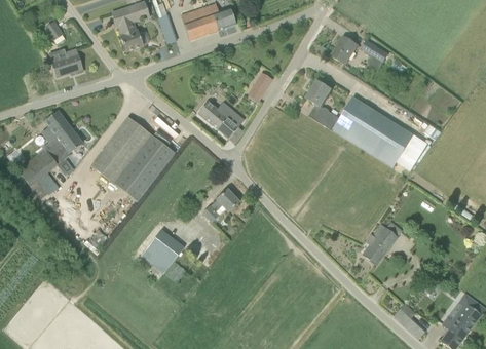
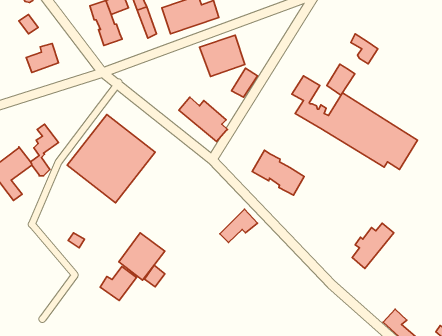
building: [331,35,358,65] -> [327,64,355,95]
building: none -> [199,35,245,77]
building: [42,111,69,162] -> none
building: none -> [252,150,304,195]
building: [203,189,239,221] -> [220,209,257,242]
building: none -> [100,267,136,301]

